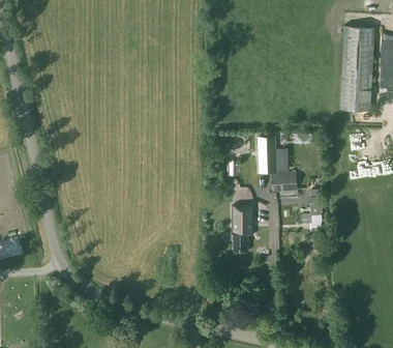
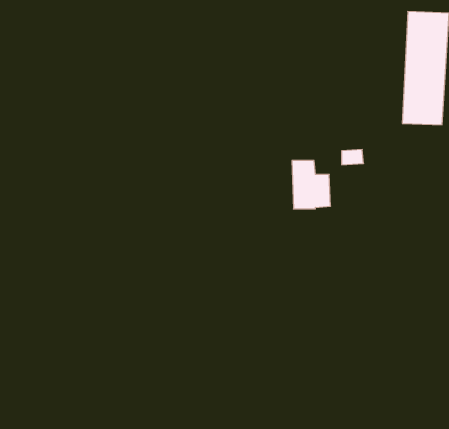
building: [271,174,297,194] -> none
building: [232,207,253,253] -> none

